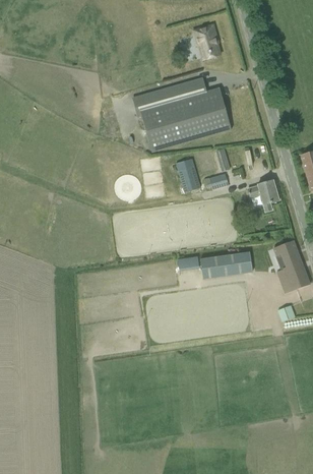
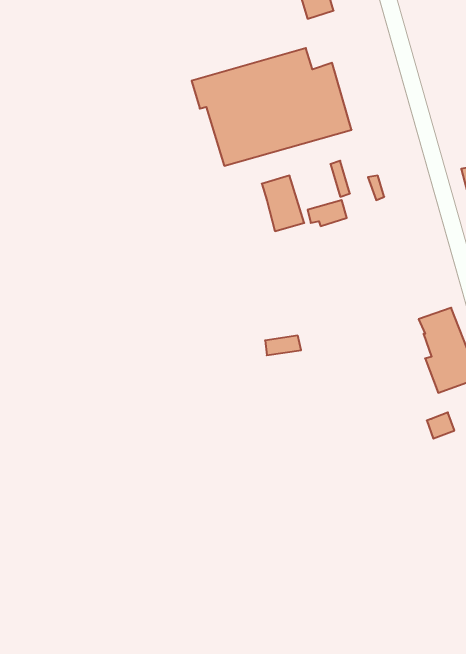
building: [246,179,279,212] -> none
building: [201,252,253,279] -> none

